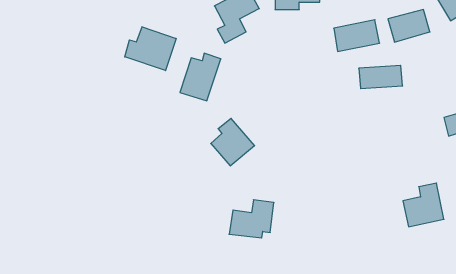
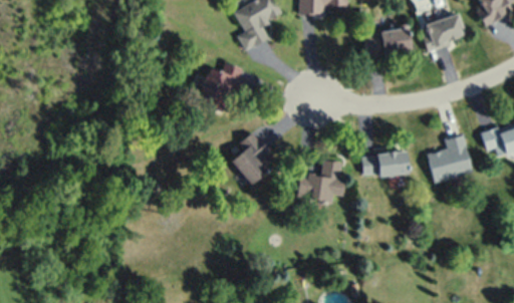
building: [125,27,176,71] -> none
building: [359,65,403,89] -> [362,153,410,178]
building: [403,183,444,227] -> [429,134,473,182]
building: [229,200,274,238] -> [297,161,345,202]

